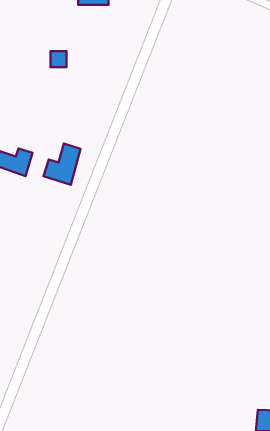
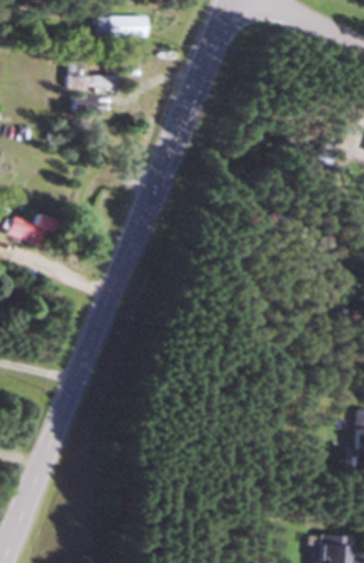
building: none -> [66,59,120,87]
building: [44,144,81,185] -> none

